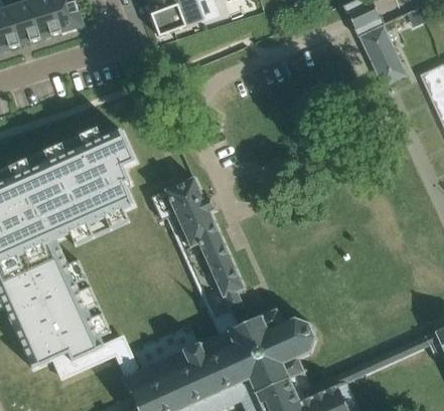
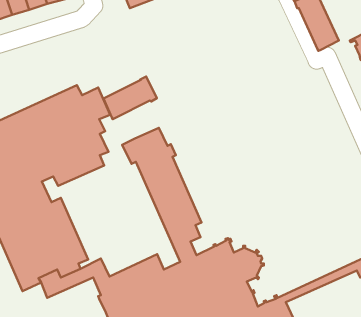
building: none -> [103,77,157,119]

